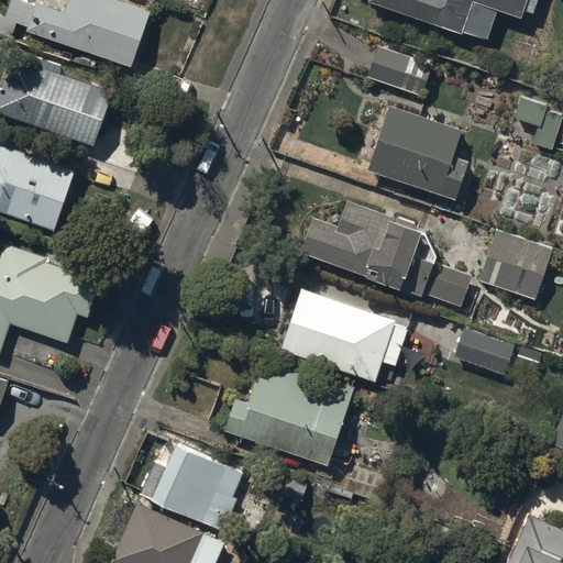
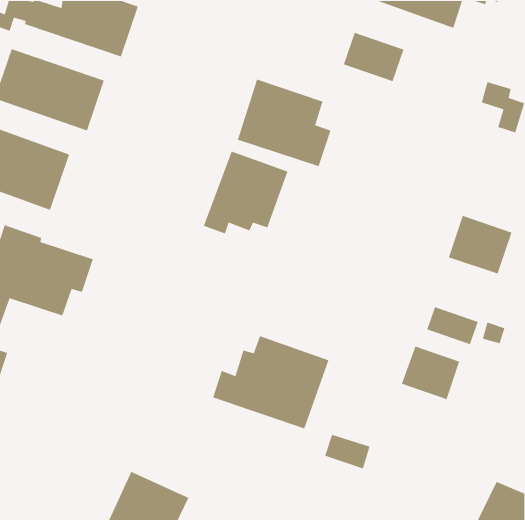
building: [366,101,467,196] -> [237,79,332,167]
building: none -> [203,150,289,235]
building: [305,207,471,307] -> none
building: [285,297,406,382] -> none
building: none -> [401,346,460,400]
building: [143,448,240,529] -> none

